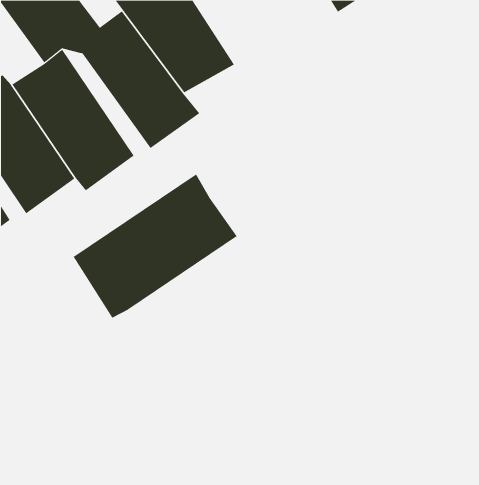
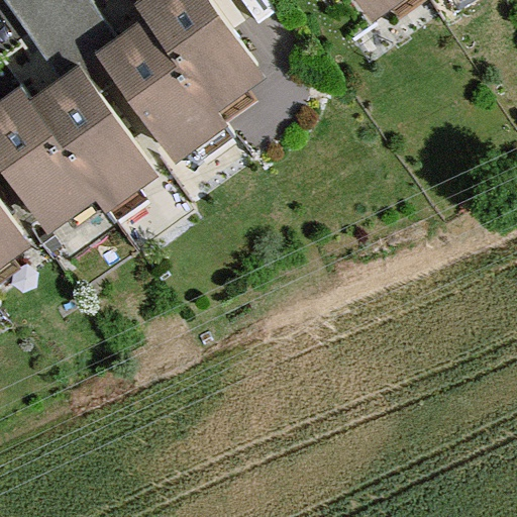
building: [73,173,237,319] -> none

